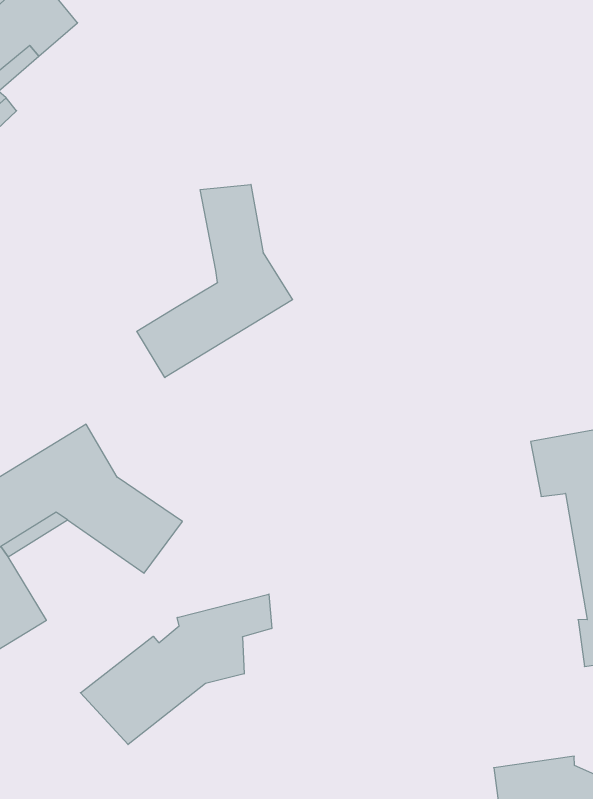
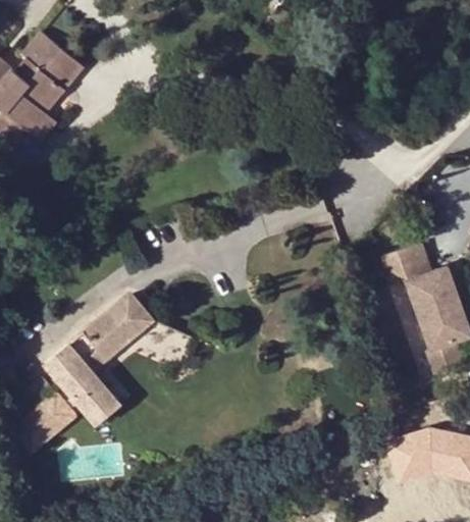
building: [137,184,293,378] -> none
building: [80,594,272,745] -> none

